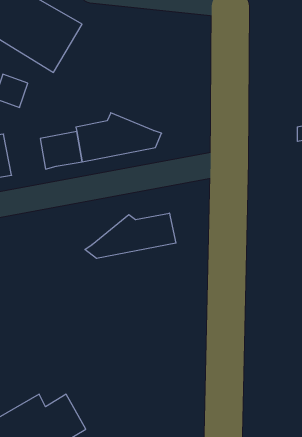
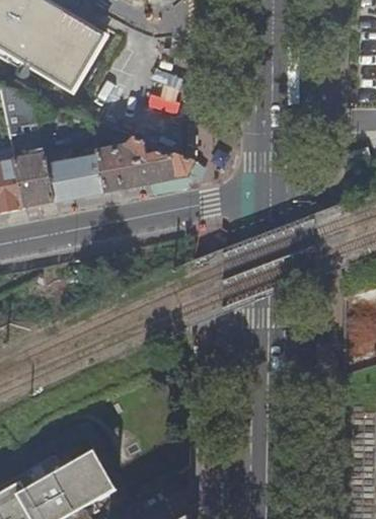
building: none -> [14,154,54,208]
building: [85,213,176,258] -> none

